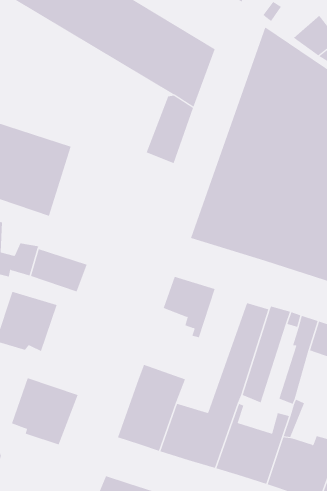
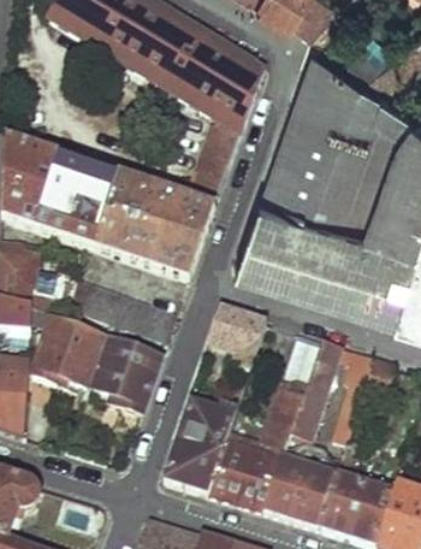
building: none -> [89,173,215,279]
building: none -> [118,297,174,342]
building: [11,378,79,445] -> [89,343,160,414]

